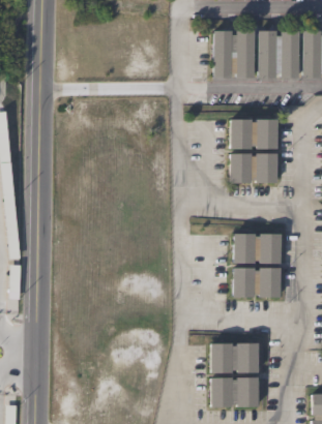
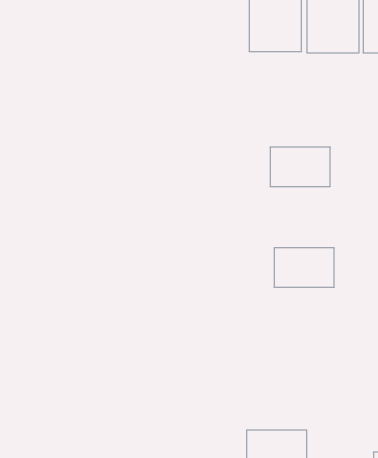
building: [230,119,279,150] -> none
building: [233,267,281,298] -> none
building: [210,343,259,372] -> none

